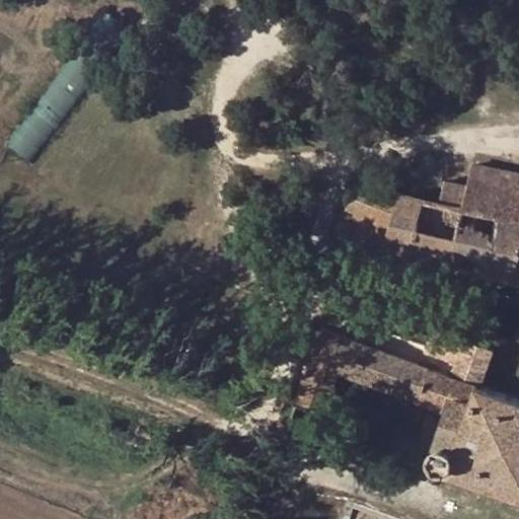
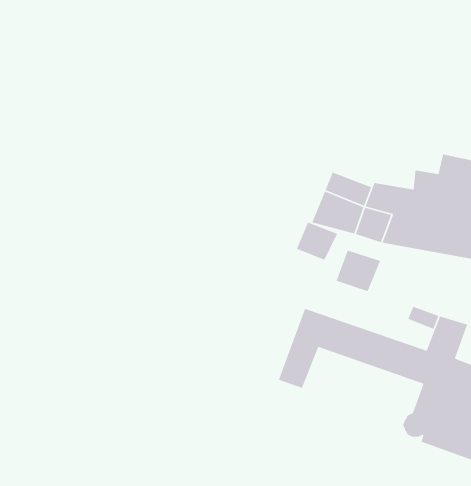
building: none -> [296,222,338,261]
building: none -> [336,250,381,292]

